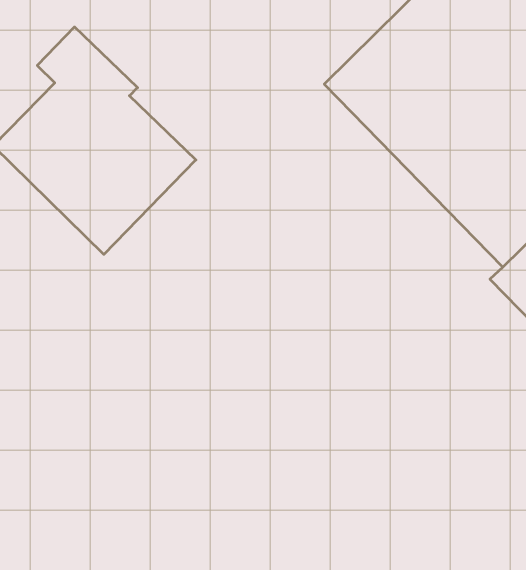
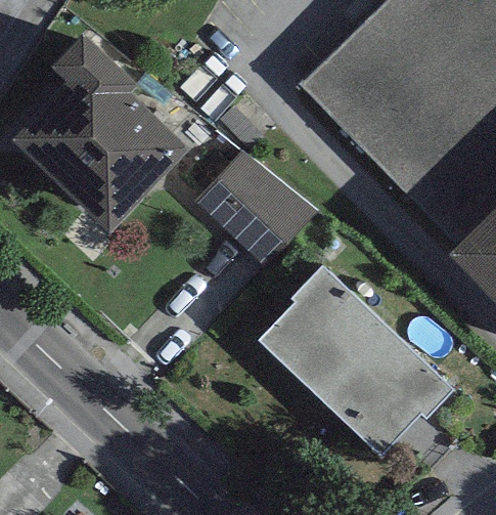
building: none -> [193,149,318,265]
building: none -> [259,264,454,456]

